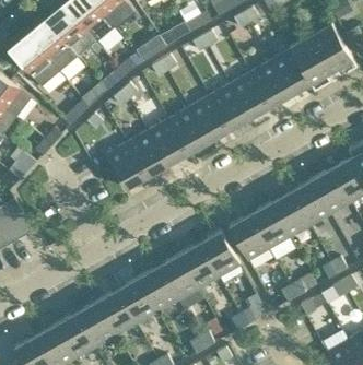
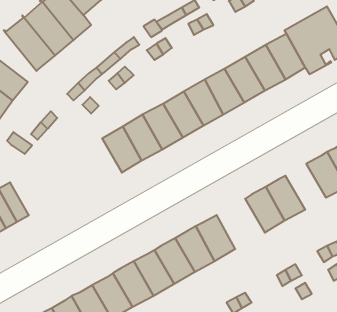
building: [290,180,330,226] -> none
building: [229,215,269,261] -> none

